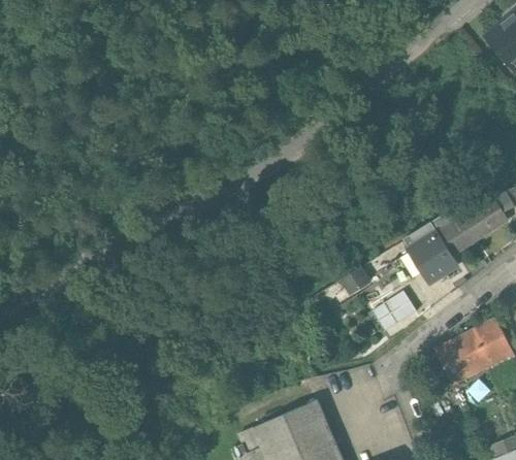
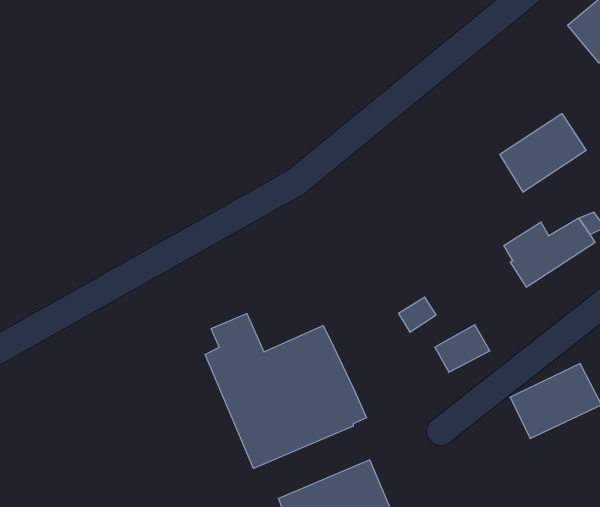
building: none -> [500,114,586,192]
building: [401,224,454,284] -> none
building: none -> [205,313,366,468]

